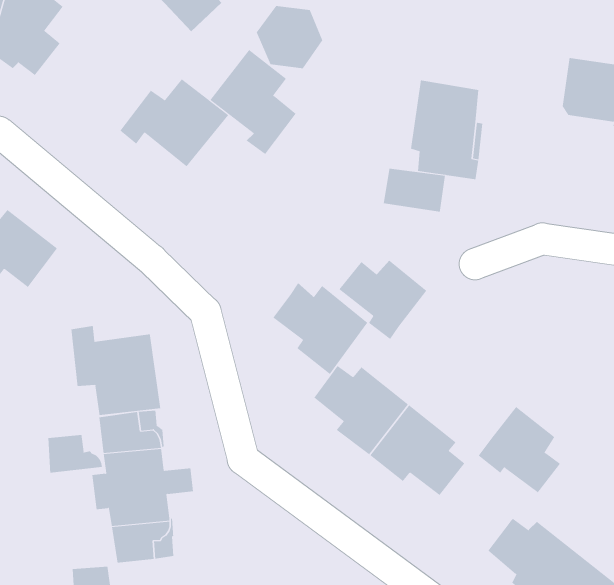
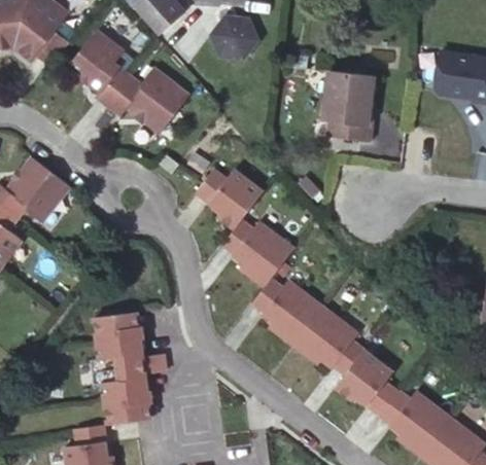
building: [209,49,297,155] -> [68,29,132,106]
building: [383,168,445,213] -> none
building: [339,260,427,340] -> [196,168,261,226]
building: [71,325,161,416] -> none
building: [478,406,561,493] -> [335,350,395,414]
building: [48,434,103,473] -> none

